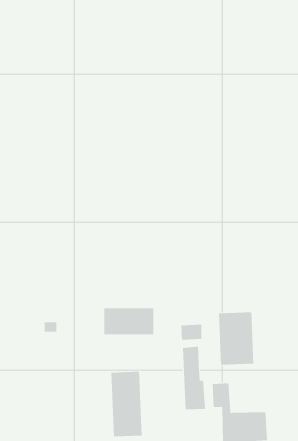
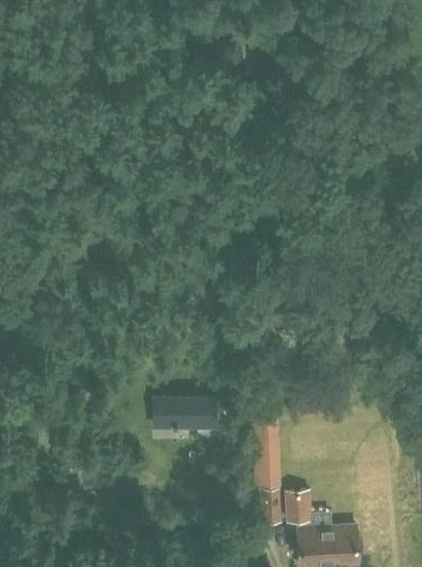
building: [219,312,254,365] -> none
building: [111,371,142,437] -> none

